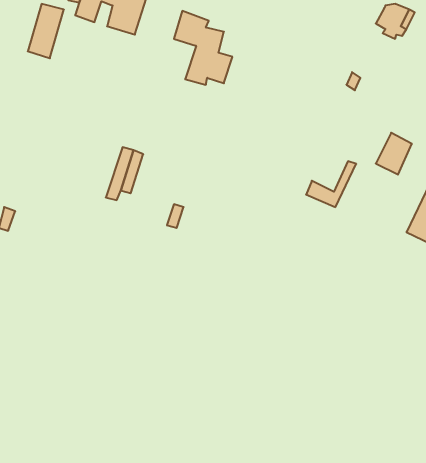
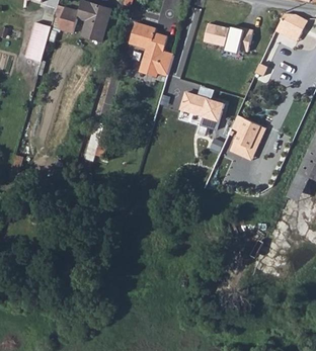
building: none -> [202,23,250,55]
building: none -> [178,93,223,130]
building: [376,133,412,175] -> [232,118,258,149]

